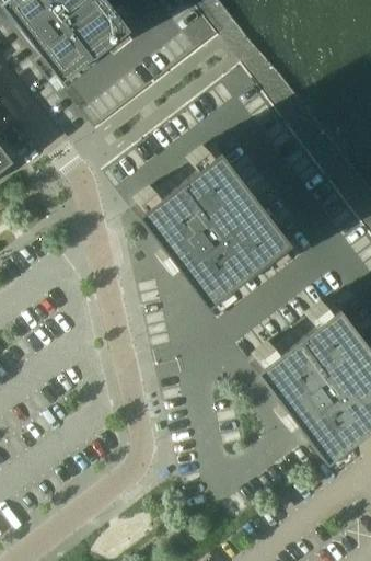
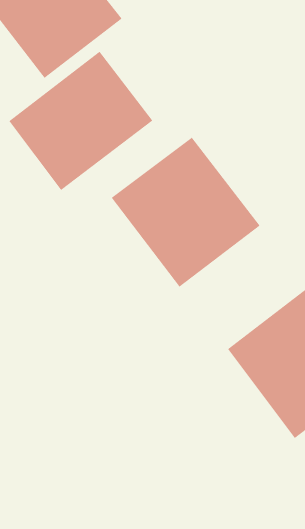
building: none -> [8,51,153,191]

